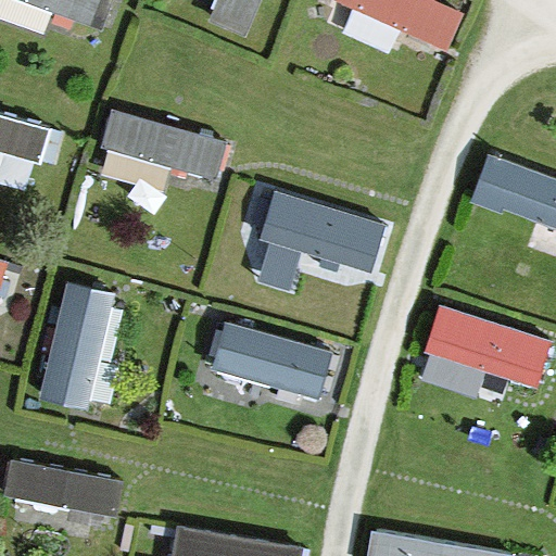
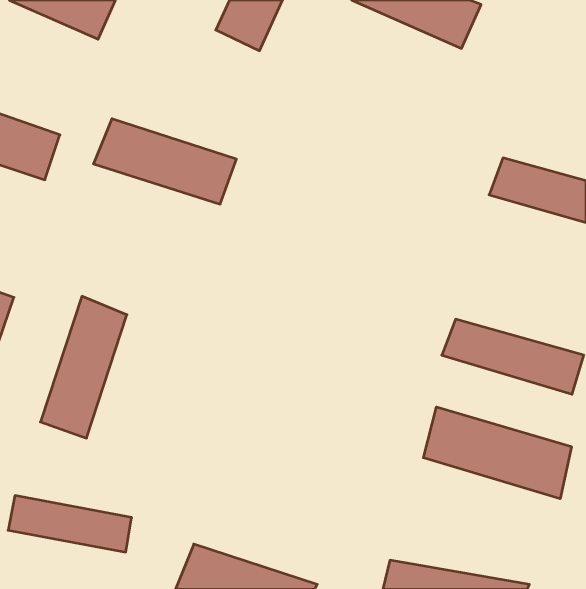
building: [254,189,388,270] -> none
building: [203,326,338,407] -> none
building: none -> [423,407,571,499]

